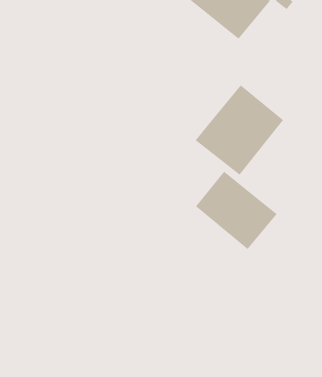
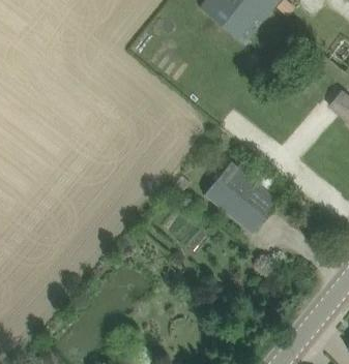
building: [195,84,284,176] -> none

